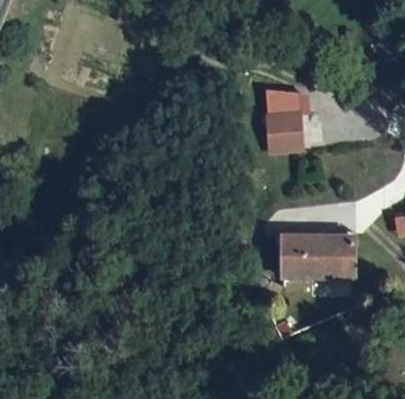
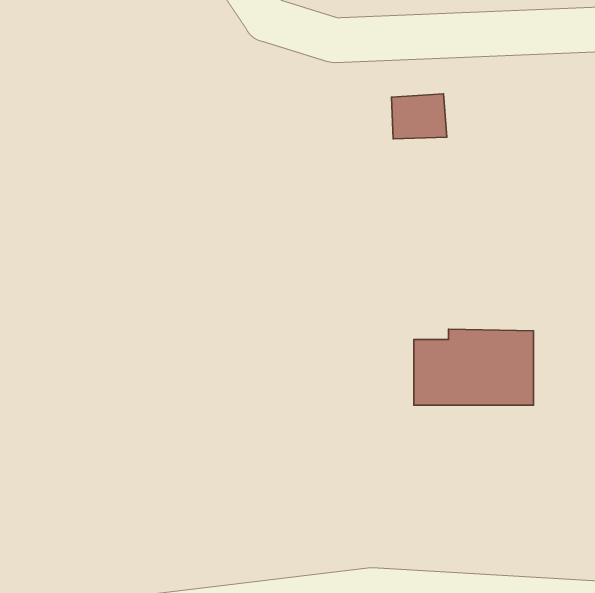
building: [268,117,301,153] -> none

